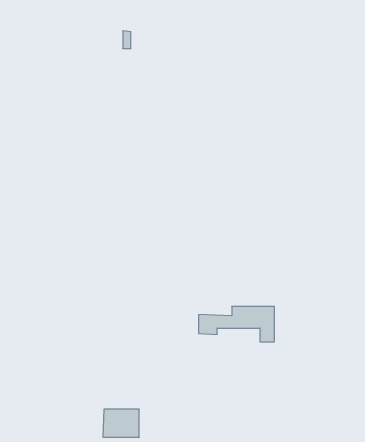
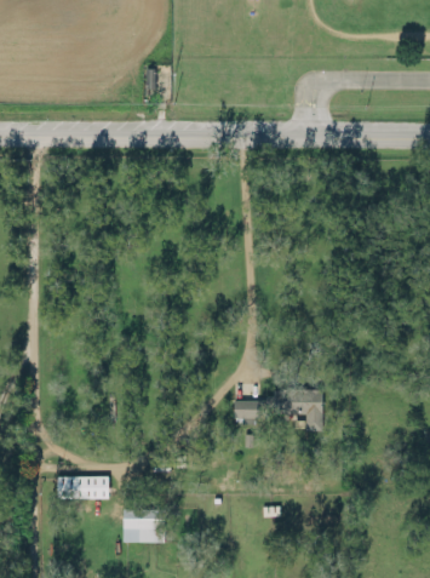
building: none -> [57,476,109,499]

